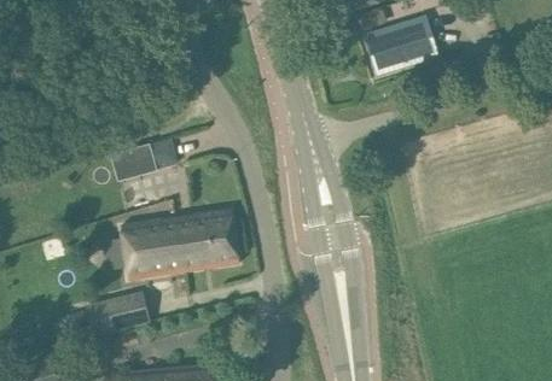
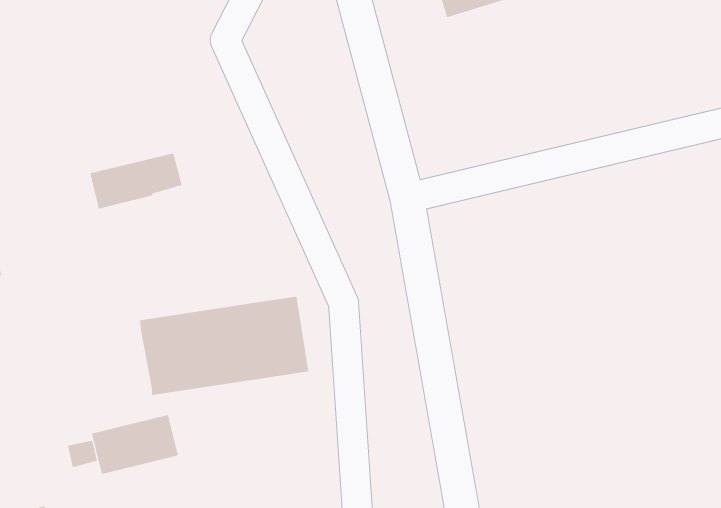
building: [366,24,435,74] -> none
building: [111,140,176,180] -> [90,153,182,209]

